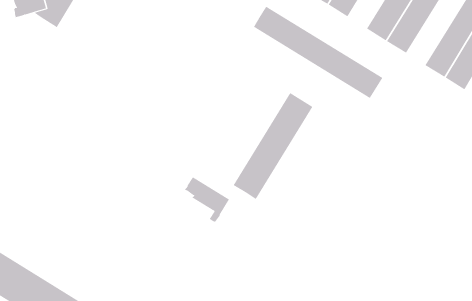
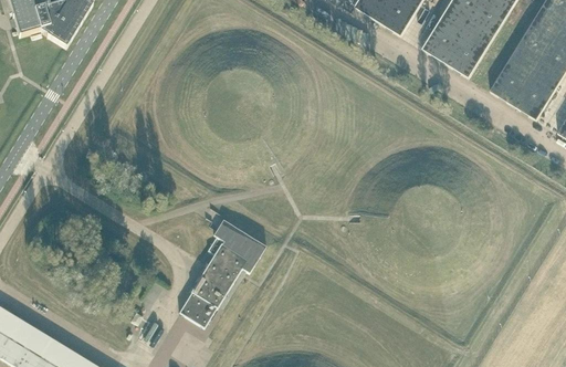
building: [253,6,383,99] -> none
building: [233,92,313,200] -> none
building: none -> [178,234,247,326]

